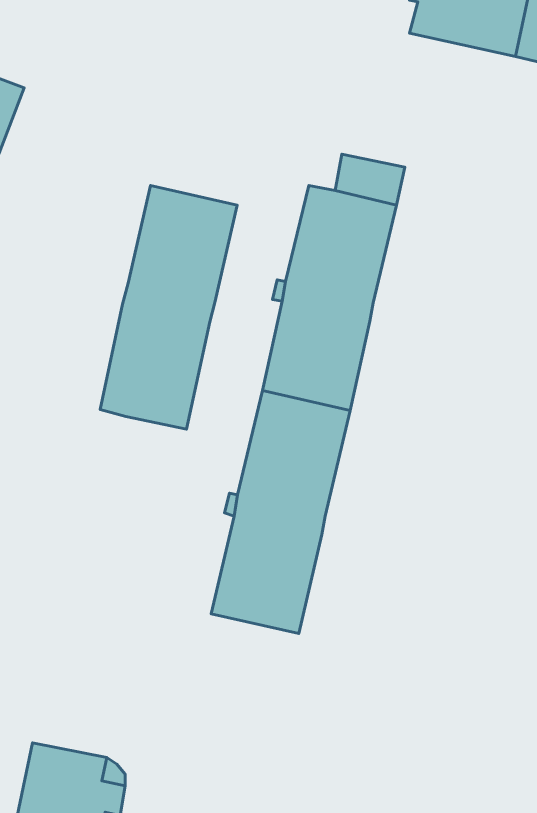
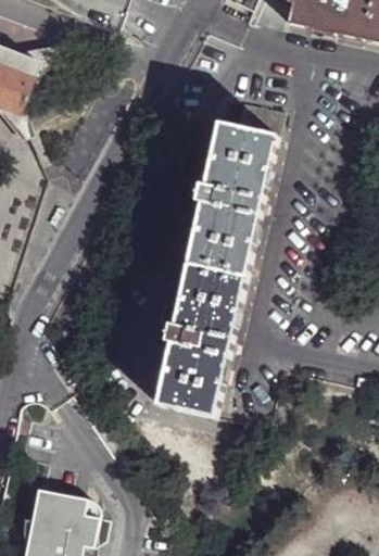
building: [100,186,237,429] -> none

